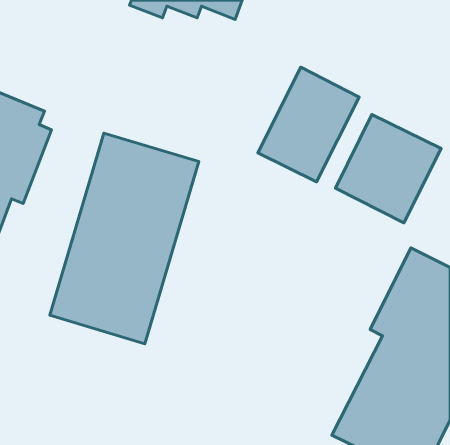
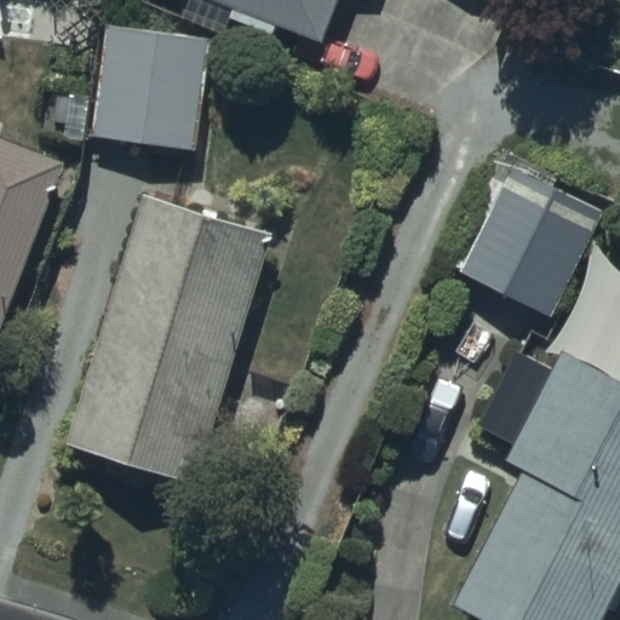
building: none -> [93,28,212,150]
building: [258,67,359,182] -> none

